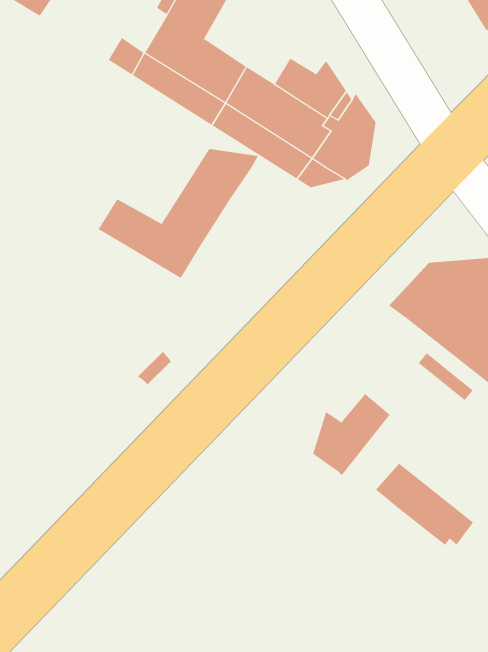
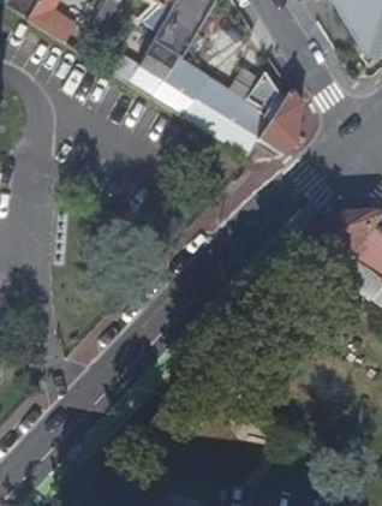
building: [98,148,259,279] -> none
building: [312,393,390,476] -> none
building: [375,463,474,546] -> none

